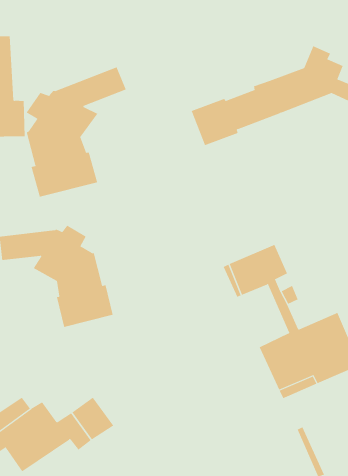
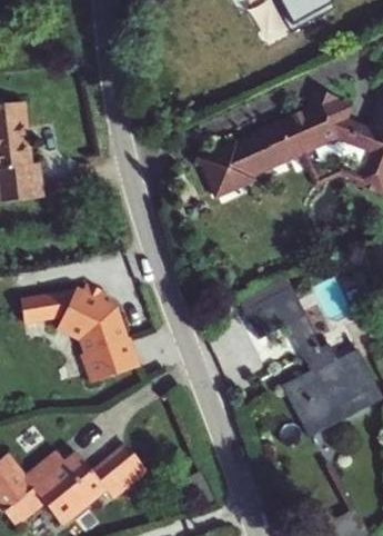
building: [26,67,127,198] -> none

